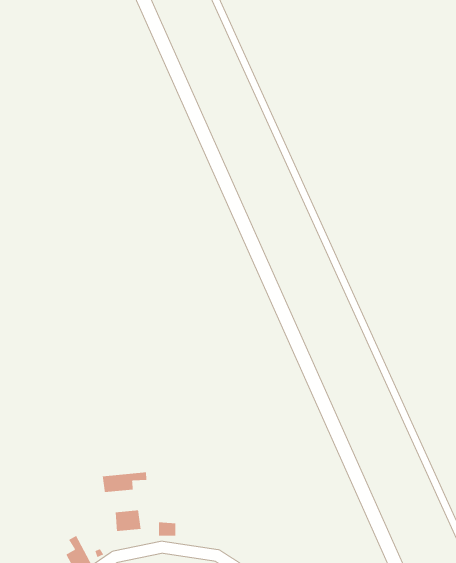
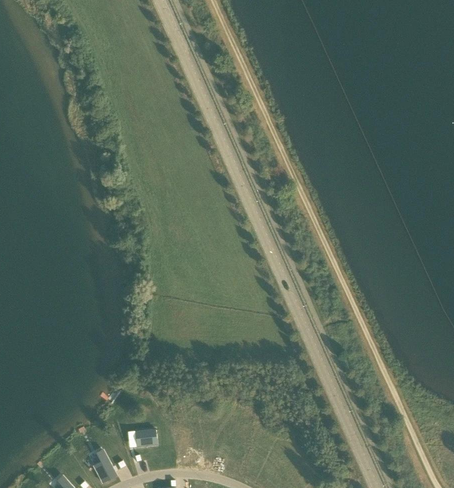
building: [102,472,147,493] -> none

